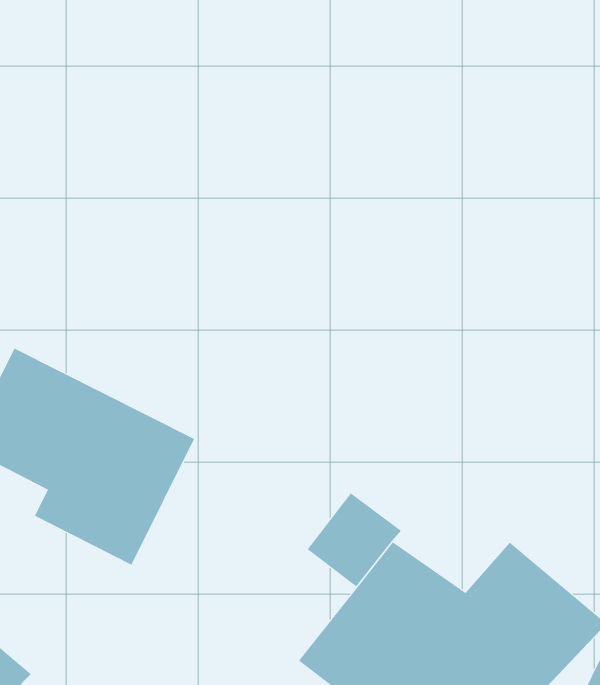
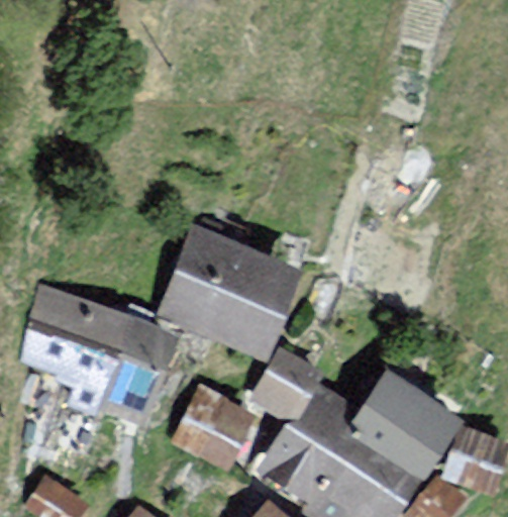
building: none -> [165,227,294,347]
building: none -> [175,386,249,462]

